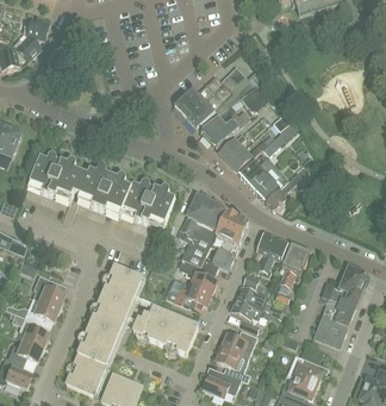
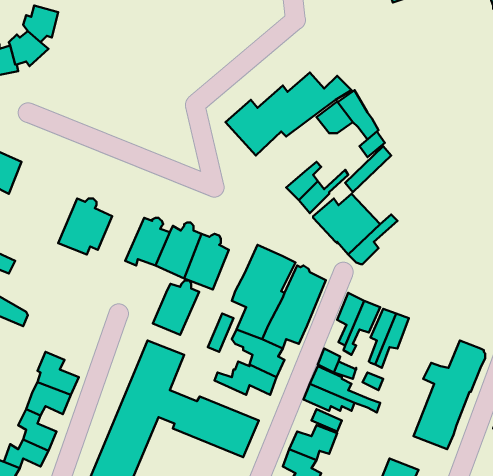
building: [198,110,249,145] -> none
building: [27,151,62,193] -> none
building: [77,165,112,206] -> [153,281,199,335]

